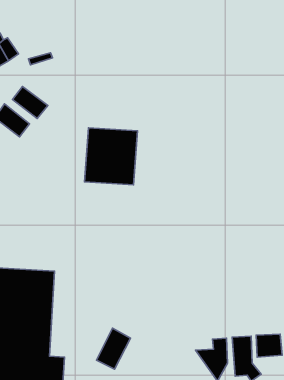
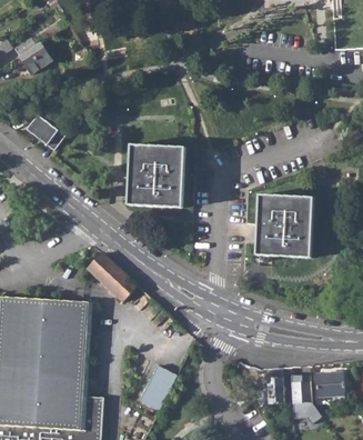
building: [13,87,48,119] -> none
building: none -> [254,194,312,254]
building: none -> [88,253,138,302]

